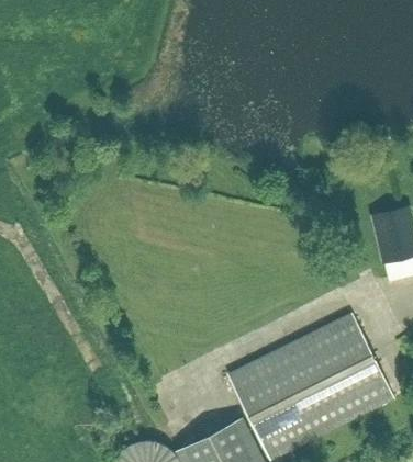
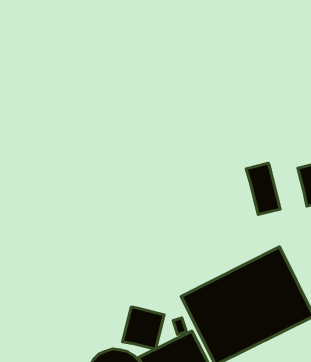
building: none -> [246,163,280,215]
building: none -> [123,307,164,349]

